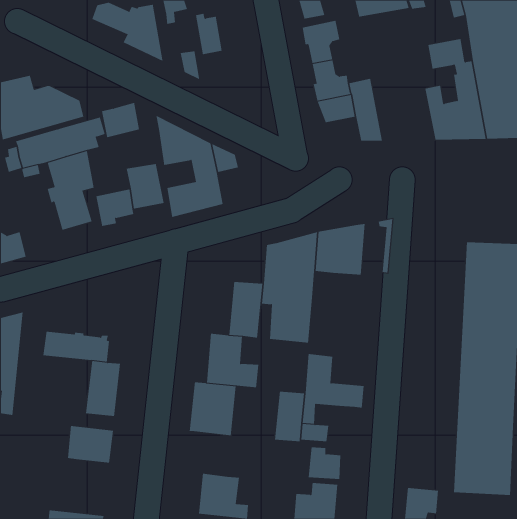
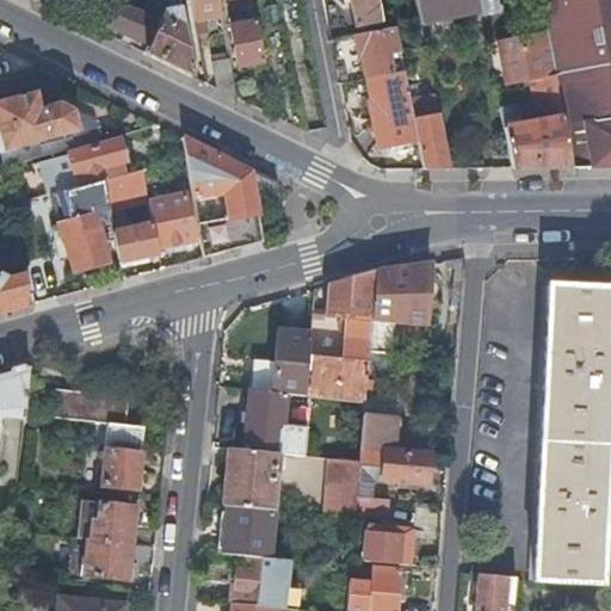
building: [101,102,140,138] -> [105,166,150,208]
building: none -> [226,507,274,560]
building: none -> [85,539,131,580]

